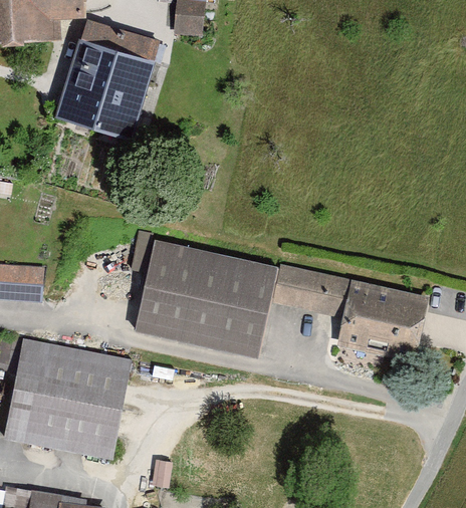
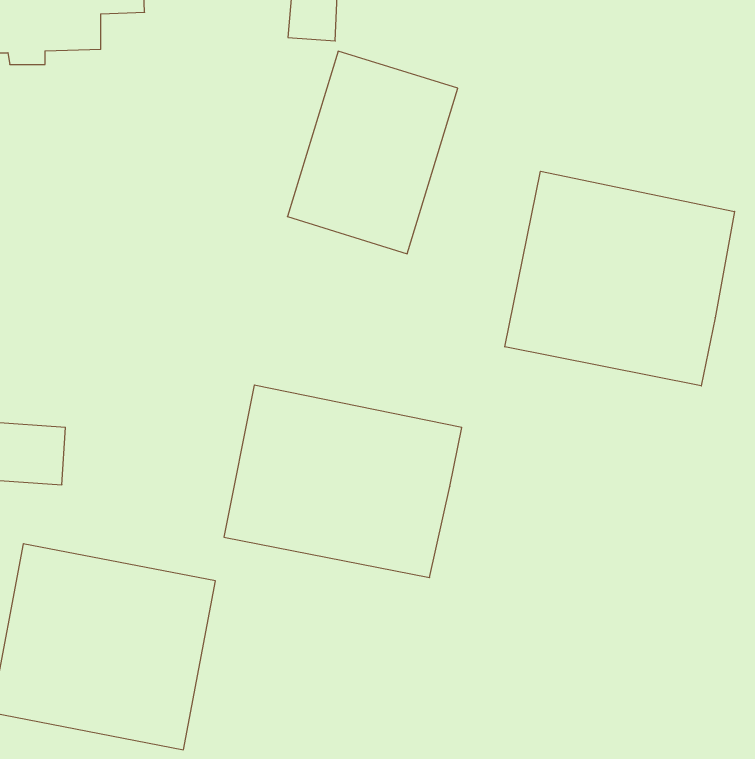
building: [60,20,162,141] -> [287,51,458,254]
building: none -> [505,171,735,386]
building: [269,266,430,359] -> none

